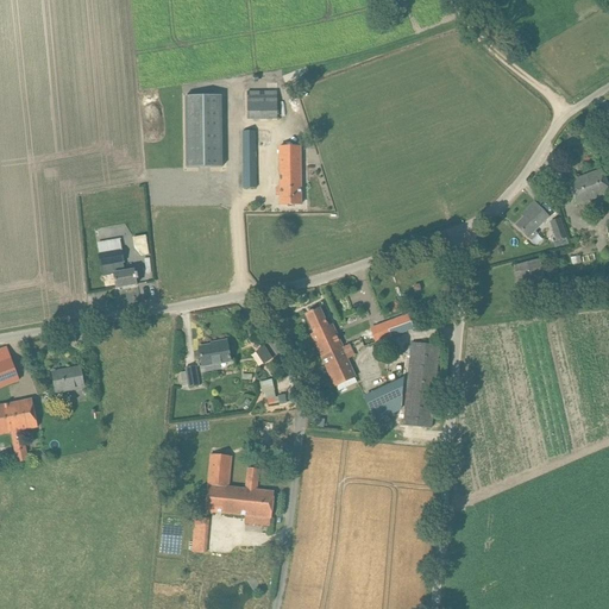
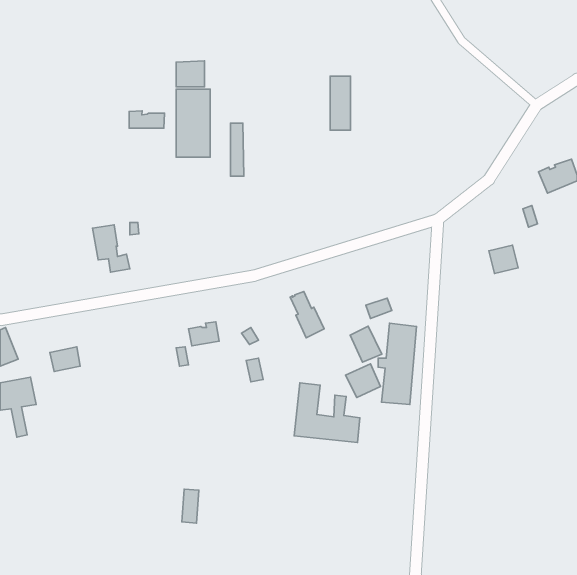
building: [247,89,277,117] -> [176,61,204,87]
building: none -> [129,111,164,128]
building: [280,145,301,202] -> [330,76,350,130]
building: [516,200,550,238] -> none
building: [322,346,356,384] -> [350,326,382,362]
building: [205,453,274,516] -> [294,383,360,443]

